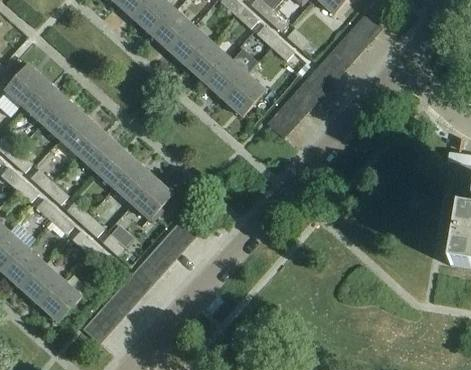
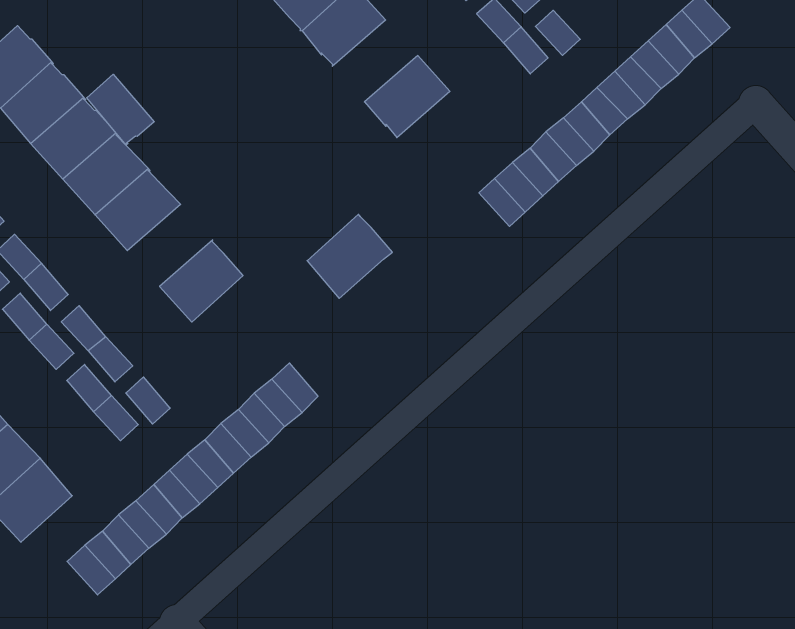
building: [187,41,229,83] -> none
building: [223,73,265,115] -> none
building: none -> [87,74,154,145]
building: [95,144,137,186] -> none
building: [131,176,173,219] -> [307,214,392,298]

